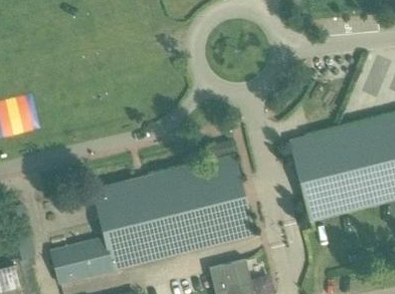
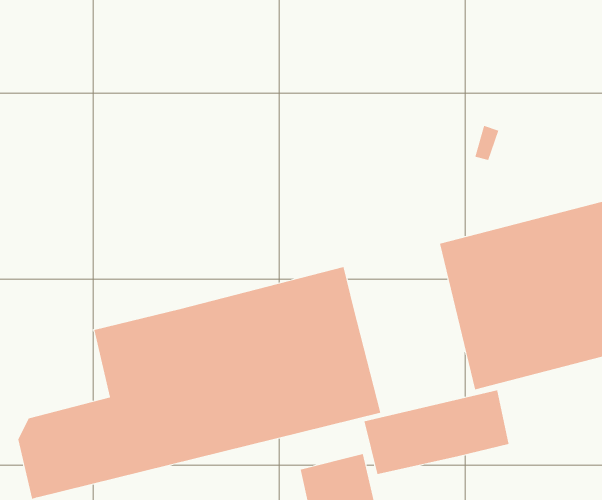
building: none -> [364,390,509,475]

